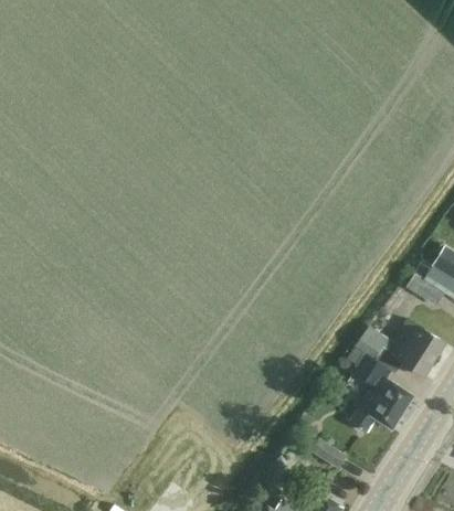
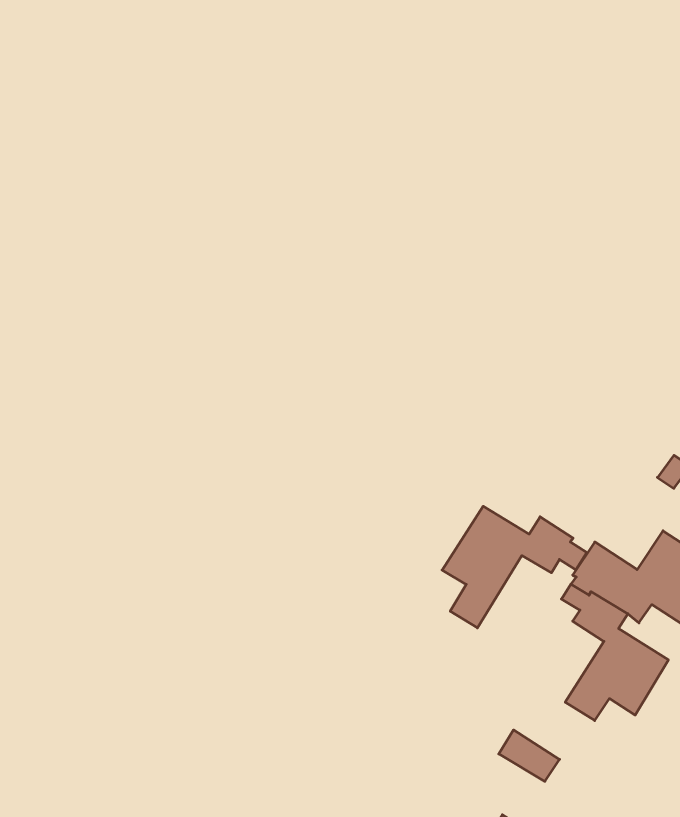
building: none -> [442,506,587,628]

